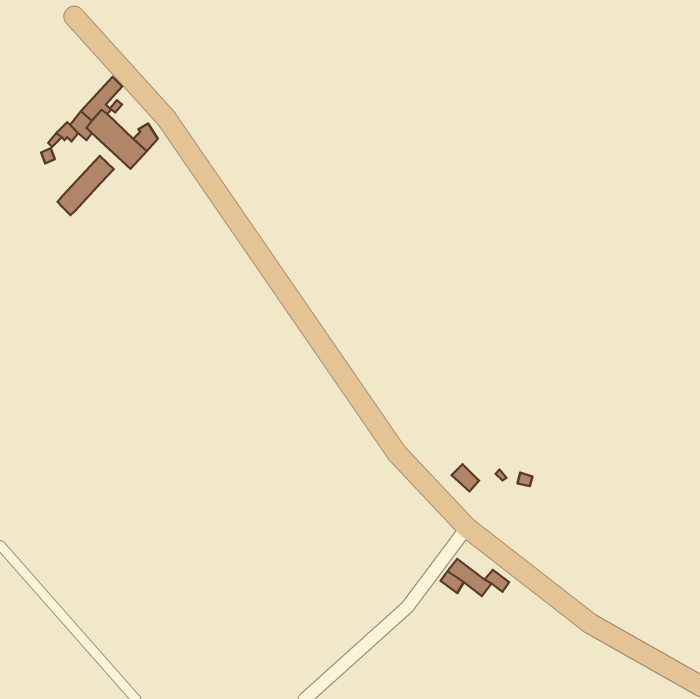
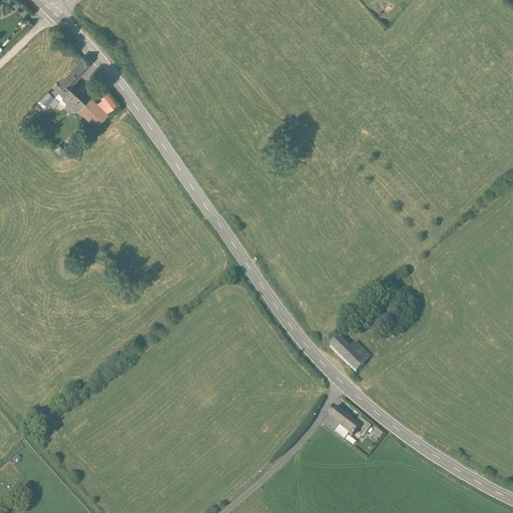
building: [58,156,114,215] -> none
building: none -> [344,343,371,372]

